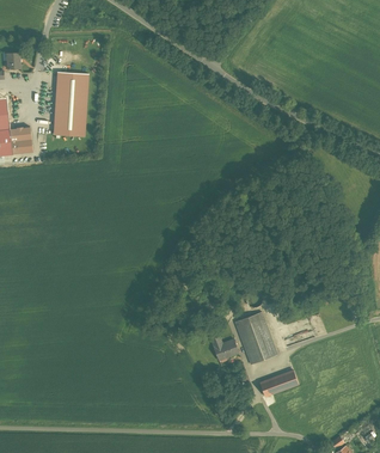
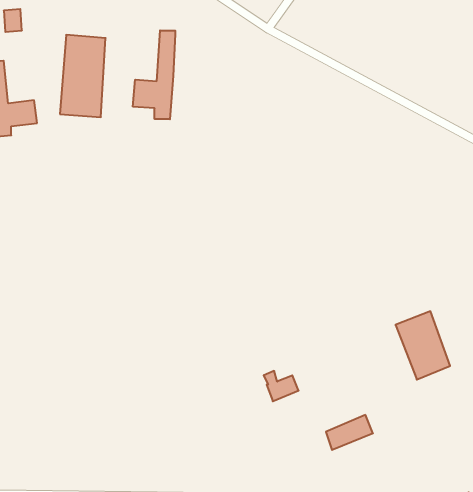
building: none -> [133,30,175,119]
building: [235,314,278,368] -> [395,311,450,380]

